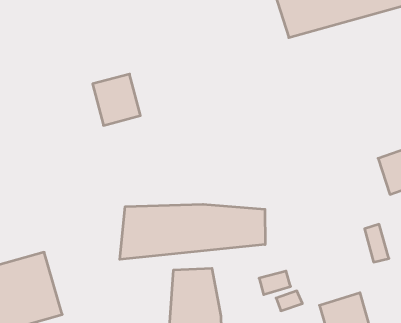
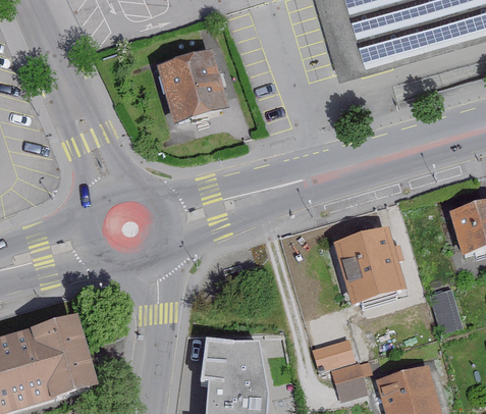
building: [93,74,140,125] -> [166,53,220,111]
building: none -> [330,228,398,303]
building: [120,204,265,259] -> none

